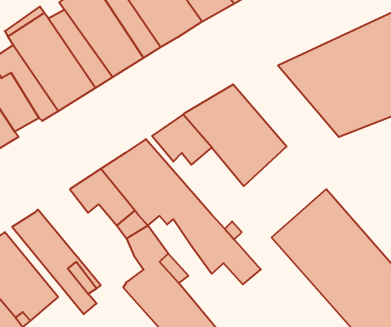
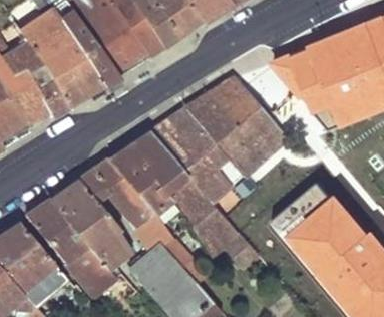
building: none -> [151,129,244,204]
building: none -> [50,180,131,270]

